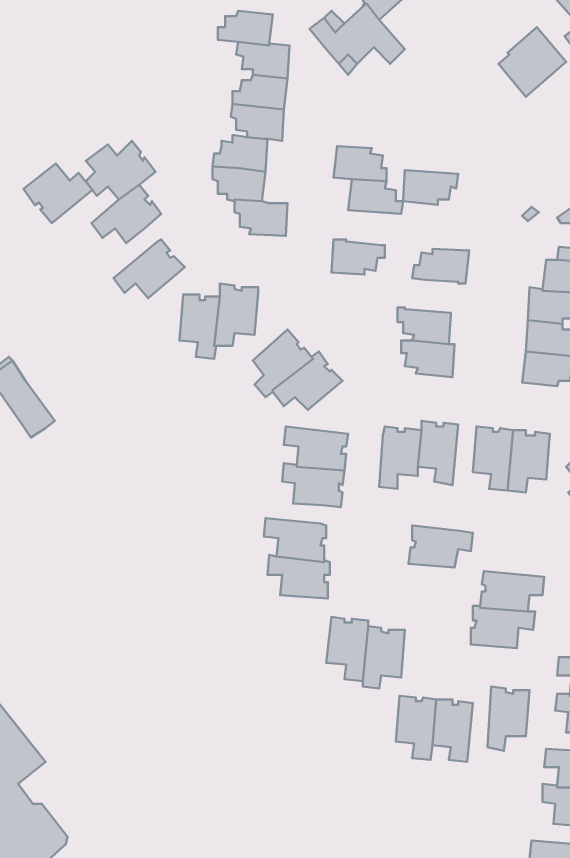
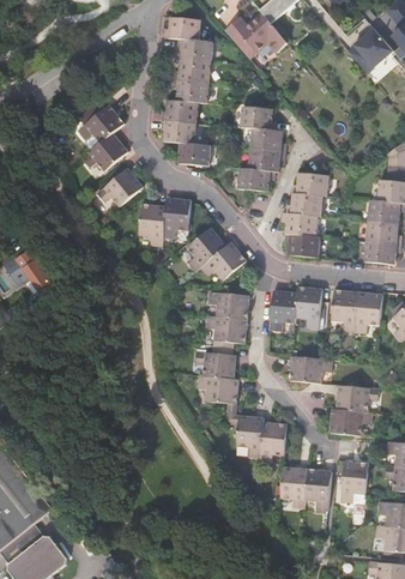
building: [24,164,92,223] -> none
building: [403,170,458,205] -> [248,149,284,171]
building: none -> [286,194,321,217]

